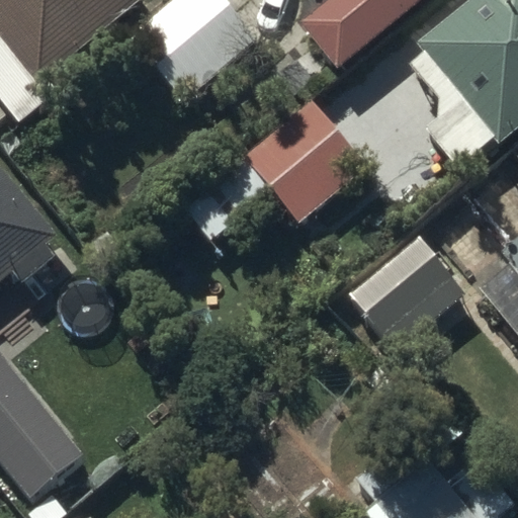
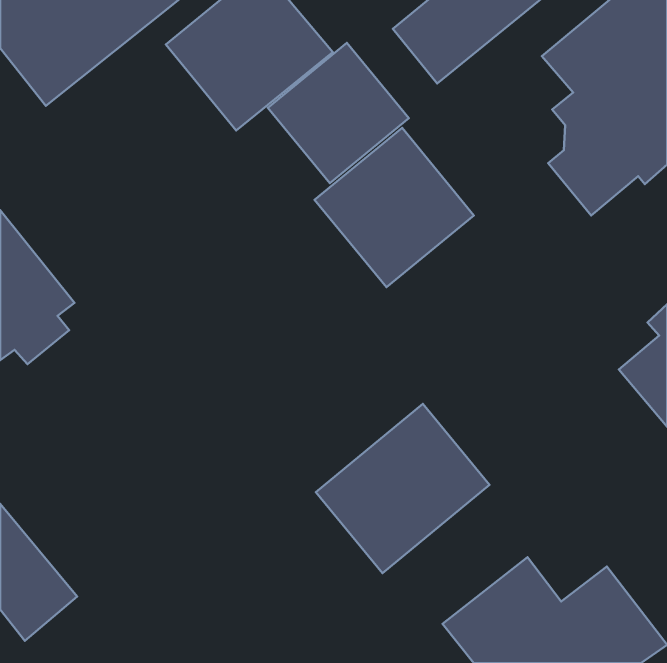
building: none -> [268,43,409,183]
building: [349,236,466,351] -> none
building: none -> [316,404,490,573]

